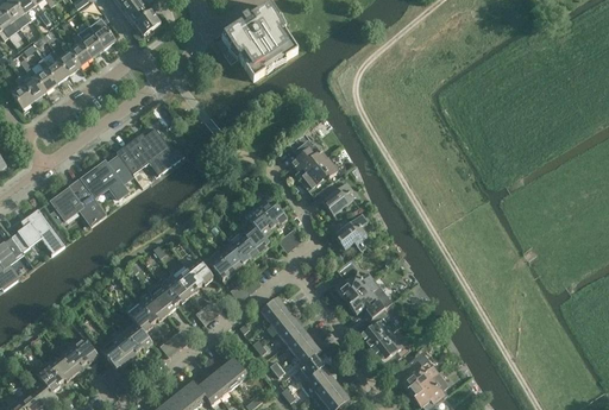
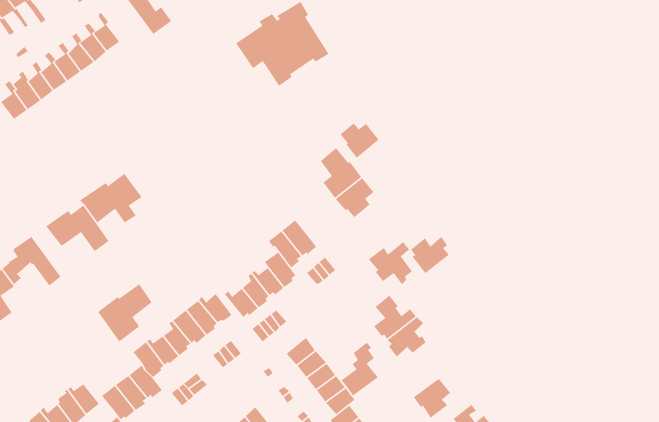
building: none -> [339,123,380,159]
building: [117,128,184,175] -> none
building: [319,182,353,215] -> [410,236,450,274]
building: none -> [97,283,152,343]
building: [359,302,393,349] -> [341,342,379,397]

